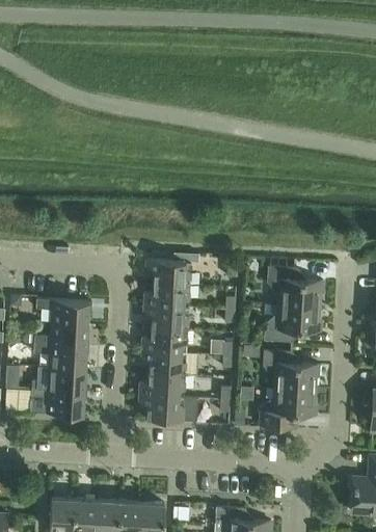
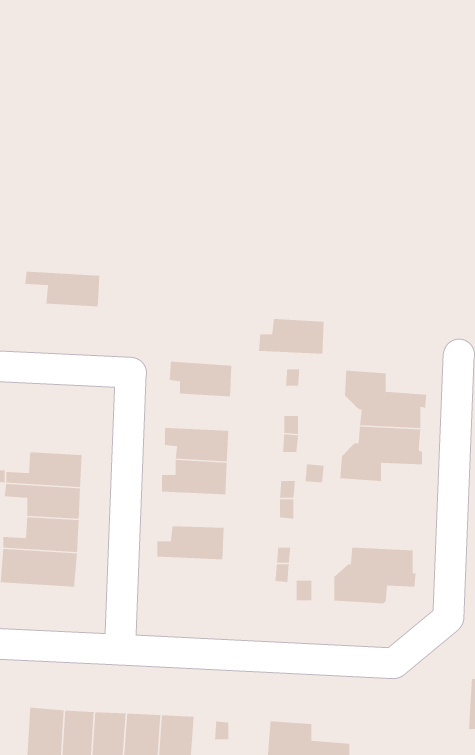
building: [143,283,189,308] -> [258,318,325,355]
building: [36,299,88,324] -> [24,271,100,307]
building: [140,350,186,374] -> none
building: [263,350,319,390] -> none
building: [138,395,198,422] -> none

